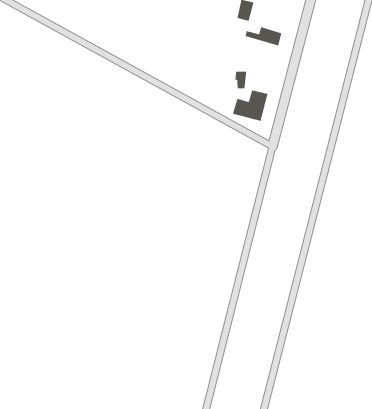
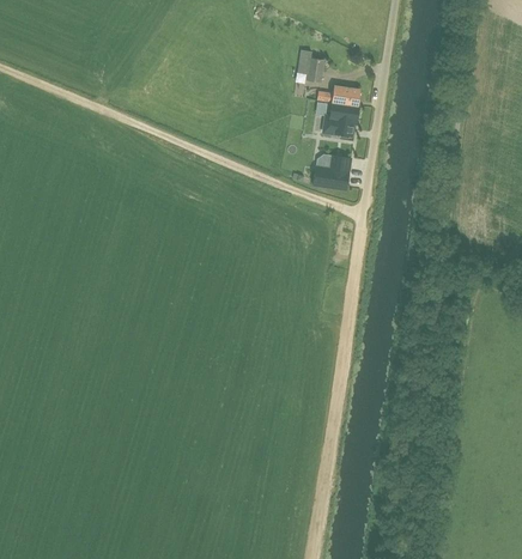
building: none -> [321,99,357,136]

